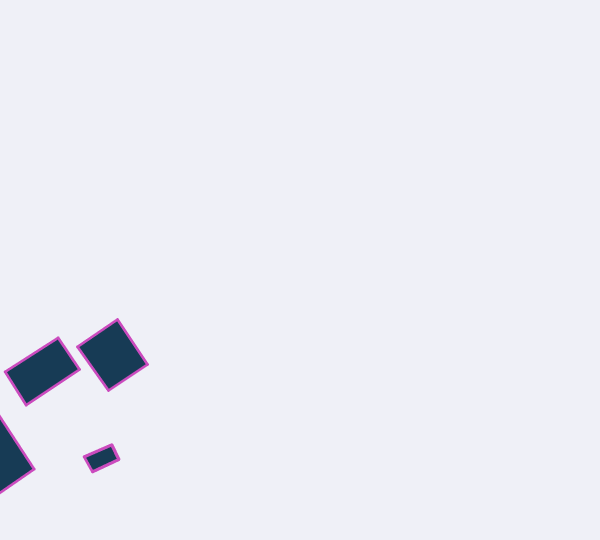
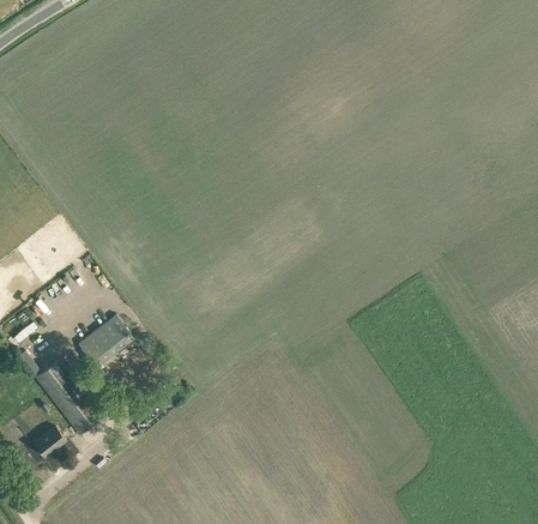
building: [78,320,147,390] -> none

